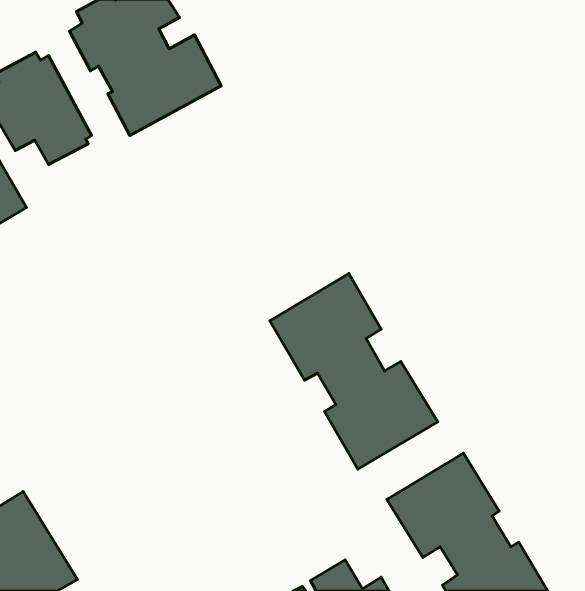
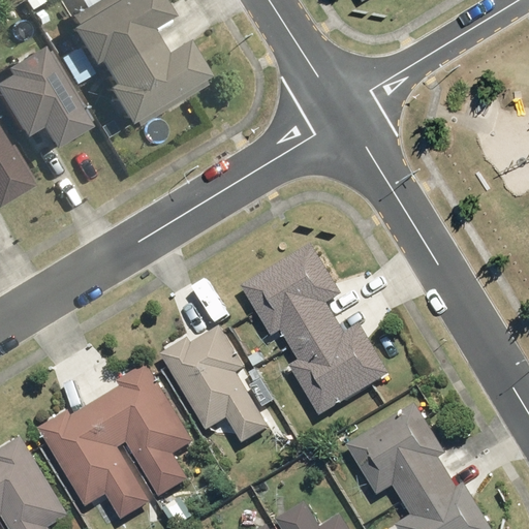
building: none -> [161,325,272,444]
building: none -> [40,364,193,522]

